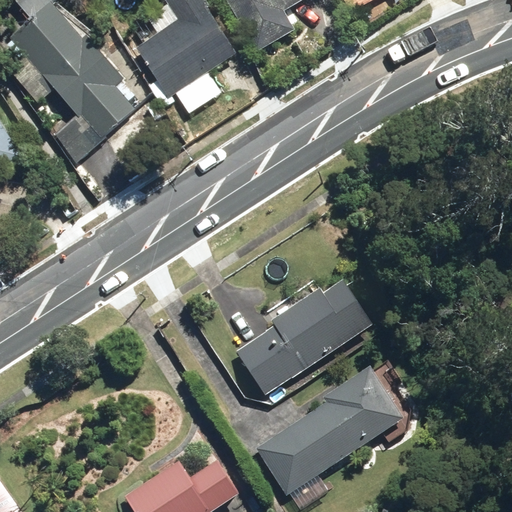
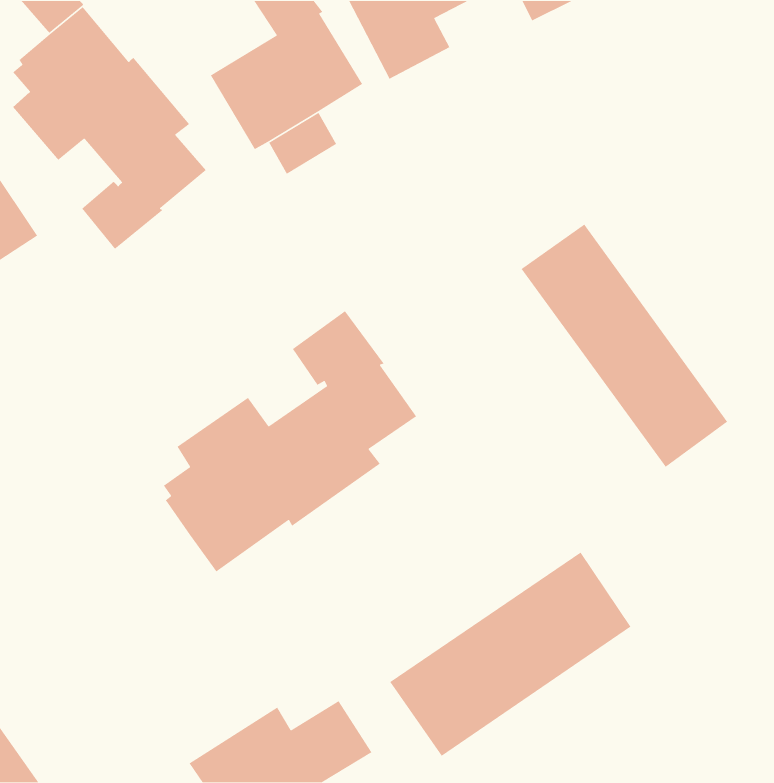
building: none -> [521,223,728,468]
building: none -> [163,310,417,572]
building: [235,276,375,398] -> none

